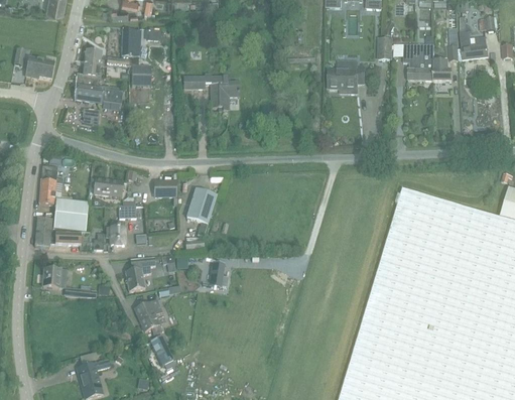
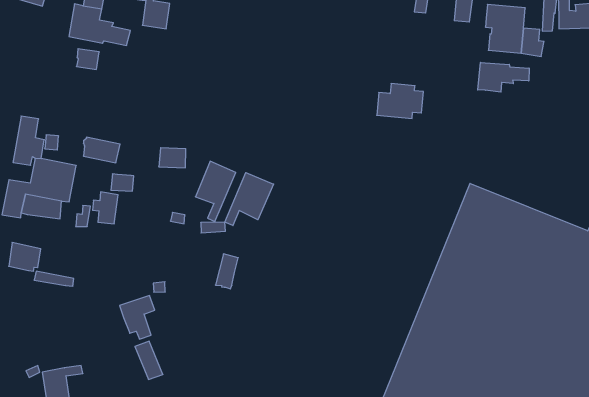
building: [329,61,364,88] -> [377,84,423,118]
building: [183,77,239,110] -> none
building: none -> [478,62,529,92]
building: none -> [225,173,274,226]
building: [125,258,155,291] -> none

